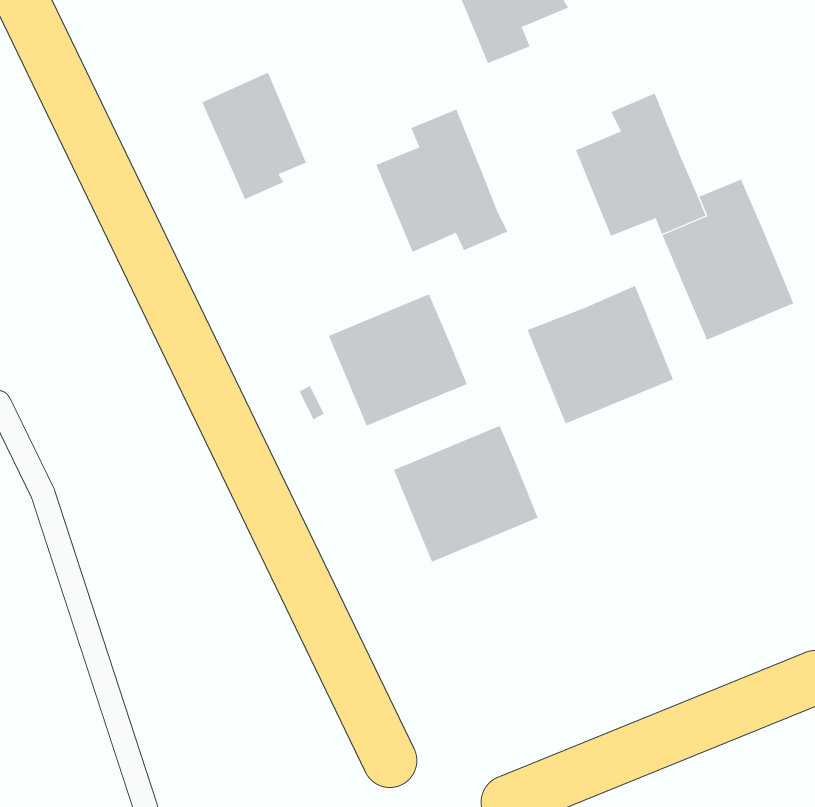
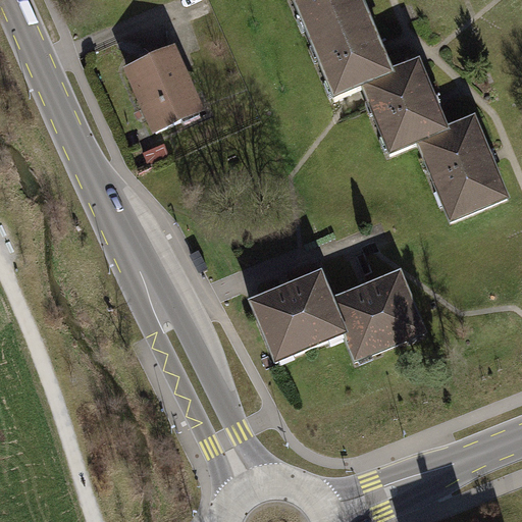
building: [375,109,508,253] -> [311,5,396,97]
building: [527,285,674,424] -> [330,269,424,358]
building: [328,293,467,426] -> none

